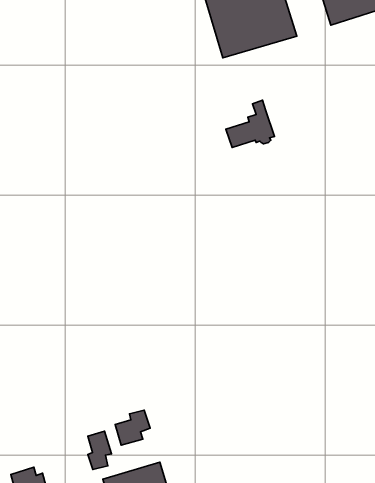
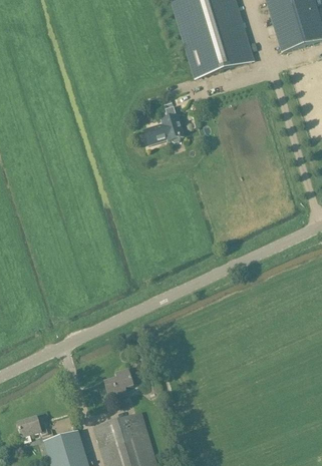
building: [226,100,274,147] -> [143,104,184,143]
building: [88,431,112,469] -> none

